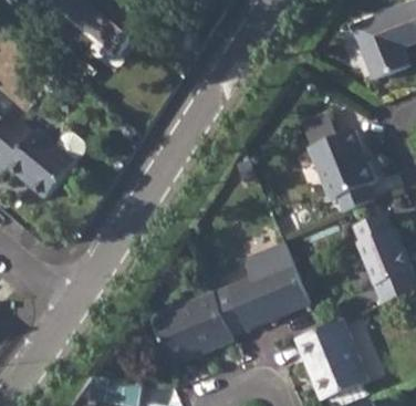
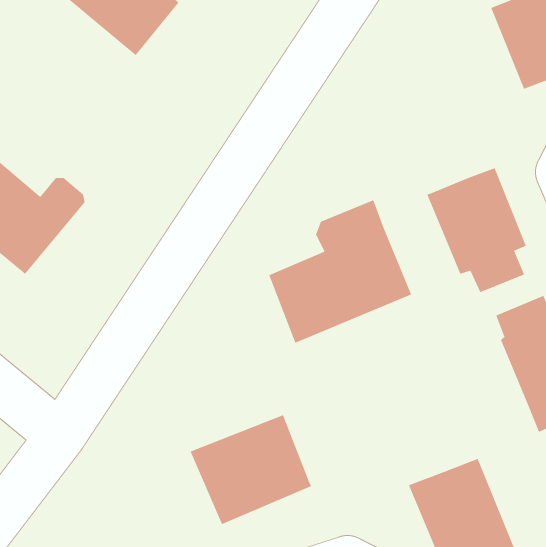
building: [215,241,310,336] -> [268,199,412,344]

